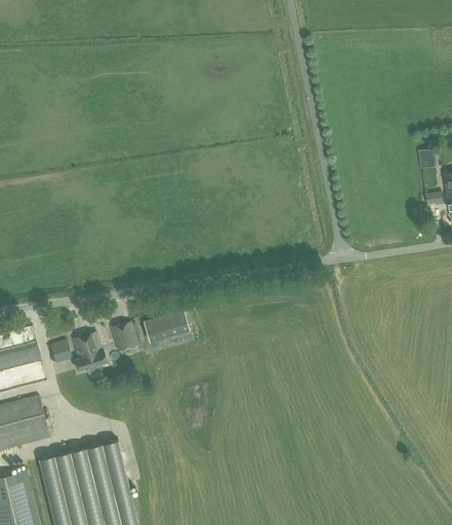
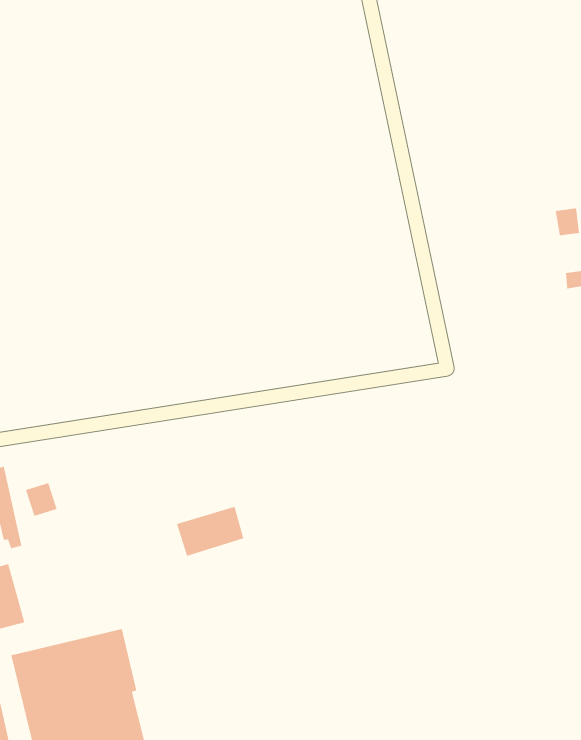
building: [141,307,189,341] -> [176,506,244,556]
building: [110,322,137,352] -> none
building: [72,332,106,371] -> none

